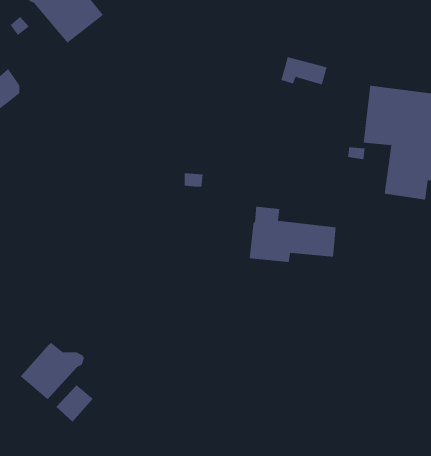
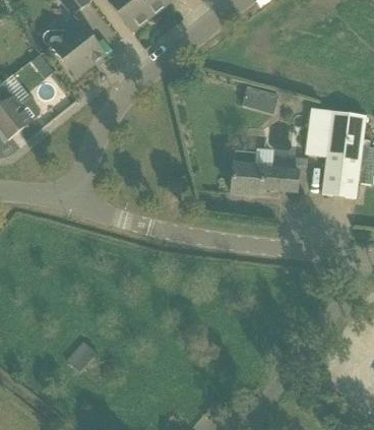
building: [249,206,337,262] -> [231,150,299,194]
building: [20,342,85,400] -> none

